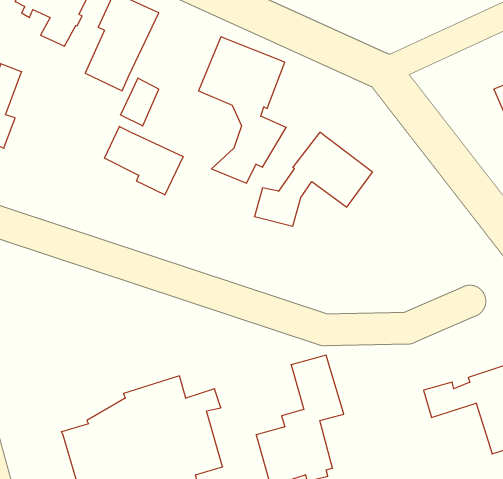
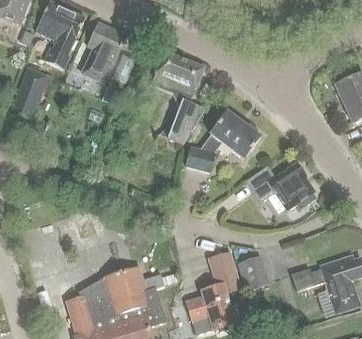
building: [105,126,183,195] -> none
building: none -> [245,162,315,210]
building: none -> [239,257,265,289]

